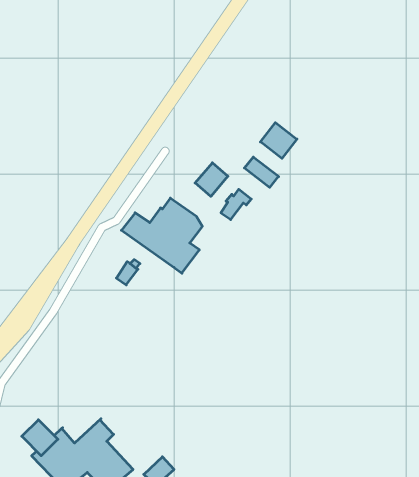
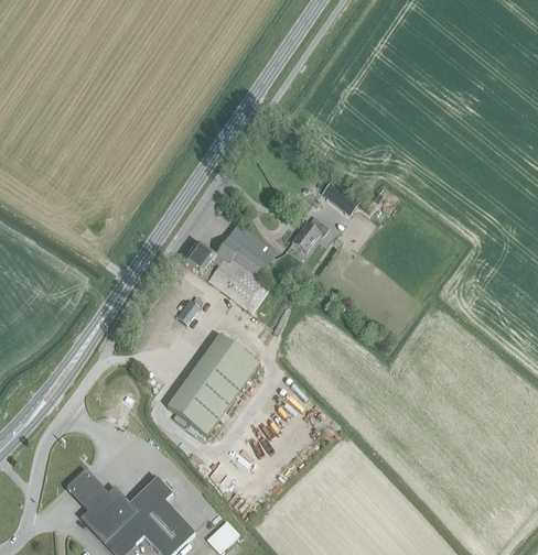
building: [260,123,297,158] -> none
building: [195,163,228,196] -> none
building: none -> [168,335,258,434]

